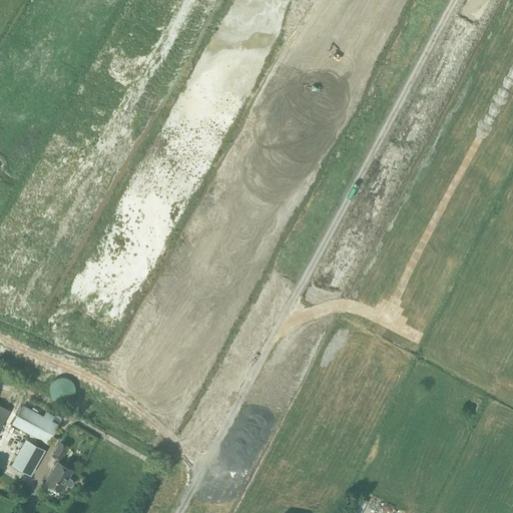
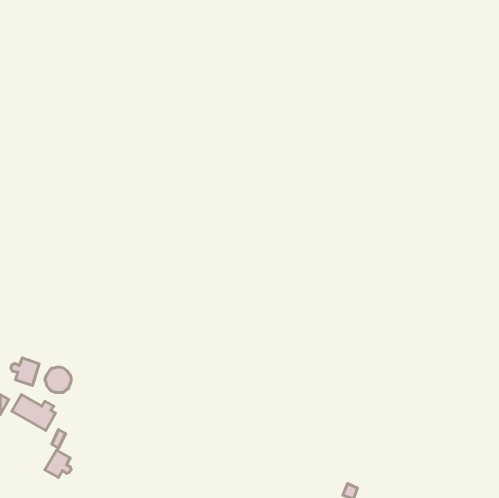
building: none -> [11,358,39,385]
building: [11,439,43,476] -> none

